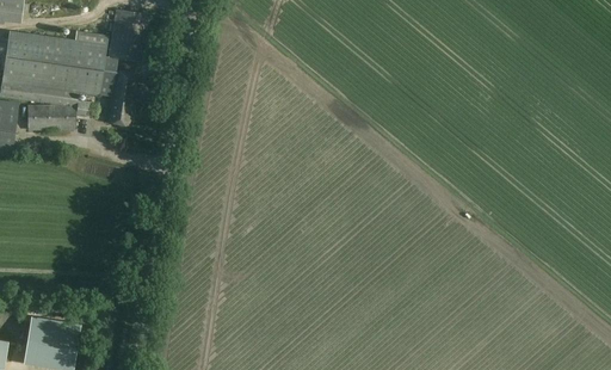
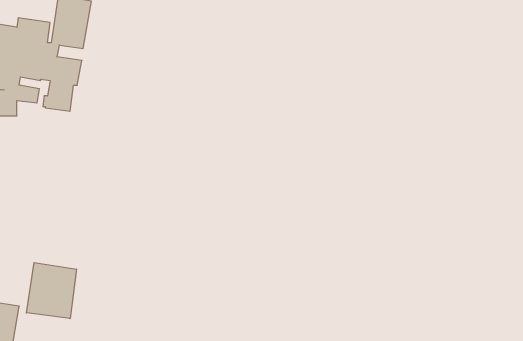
building: none -> [26,263,76,319]

